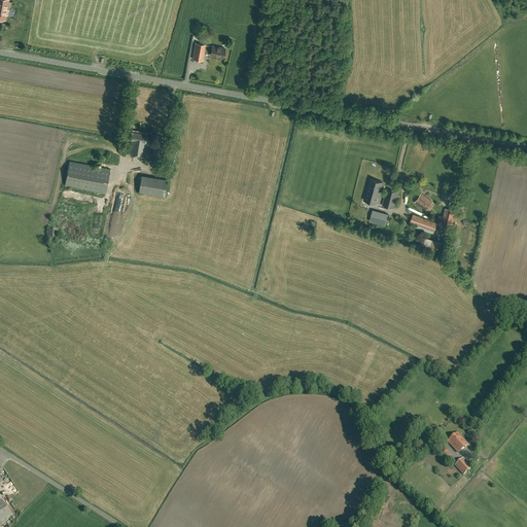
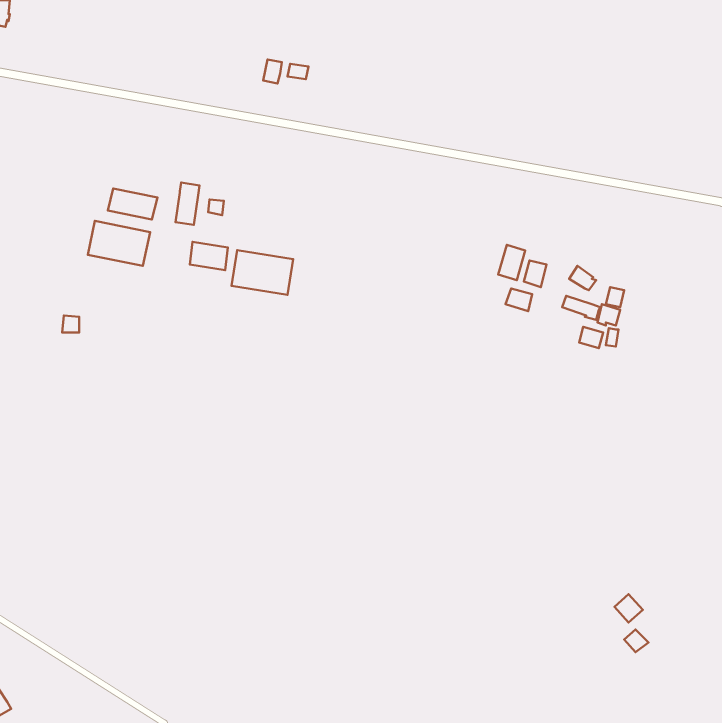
building: none -> [108,188,158,219]
building: none -> [232,250,293,295]

